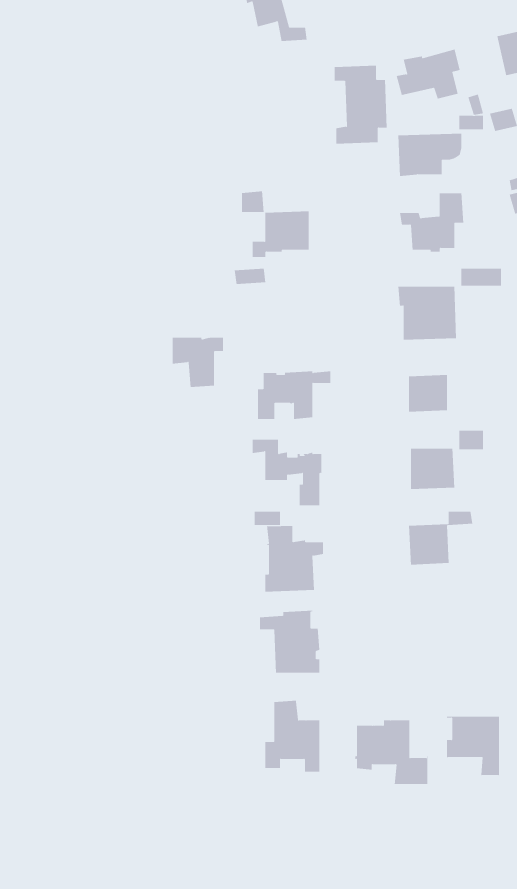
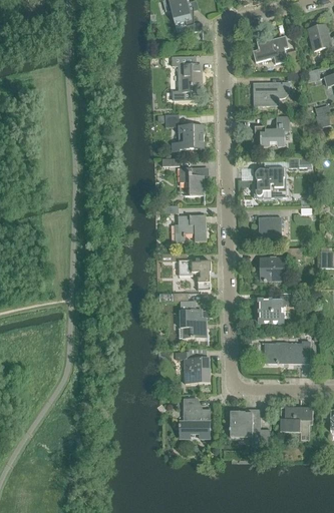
building: [334,65,388,144] -> [172,56,202,100]
building: [172,337,224,388] -> [180,167,209,195]
building: none -> [264,341,310,364]

